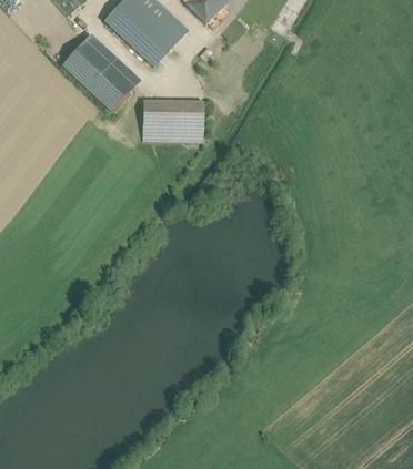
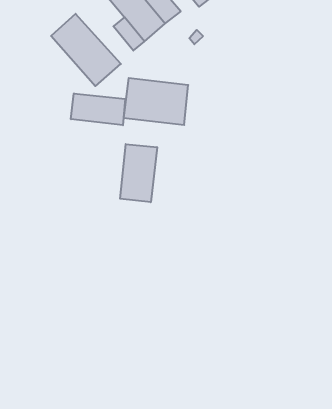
building: none -> [71,93,125,125]
building: none -> [120,144,157,202]

